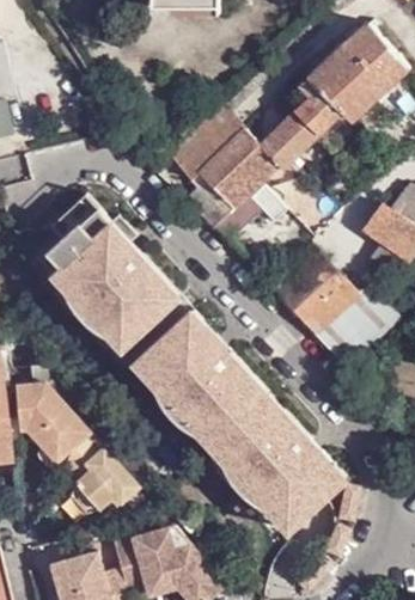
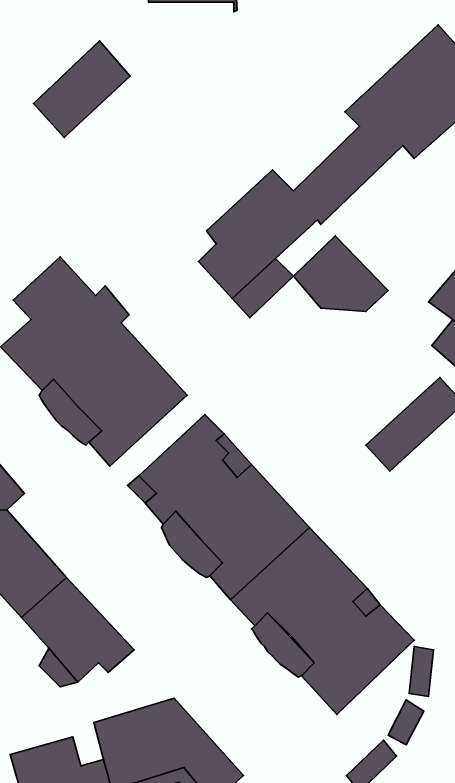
building: [171,105,243,177] -> [34,41,130,137]
building: [268,249,356,336] -> none

